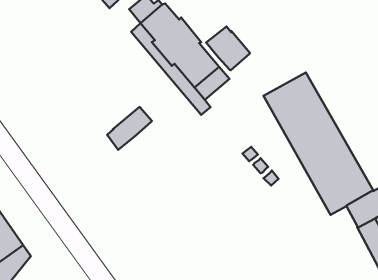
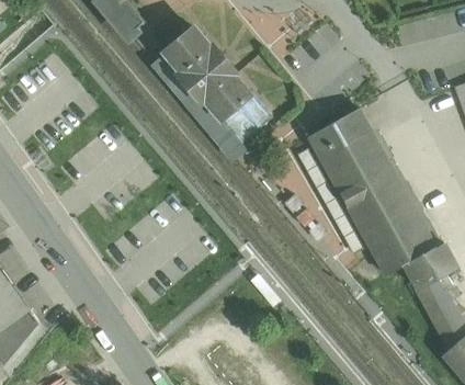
building: [206,27,250,70] -> none
building: [107,107,152,150] -> none

